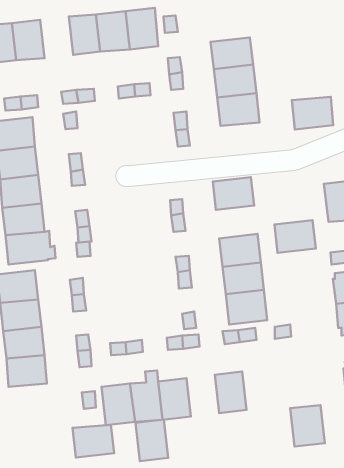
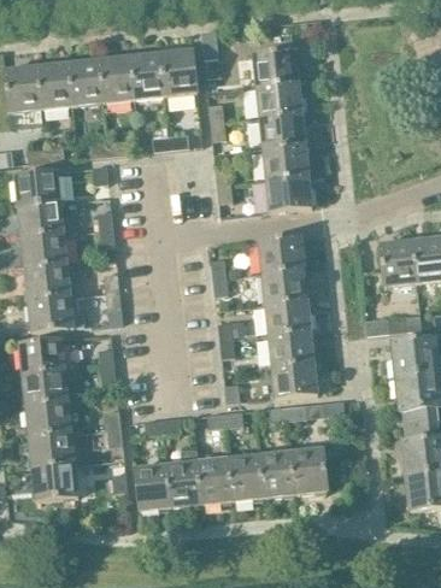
building: none -> [252,49,298,87]
building: none -> [66,59,102,105]
building: [292,97,333,130] -> [265,176,311,212]
building: [274,220,316,253] -> [260,267,306,304]
building: [290,405,325,447] -> [289,447,328,493]
building: [135,420,168,461] -> [228,454,264,500]
building: [73,425,114,457] -> [31,464,77,500]

